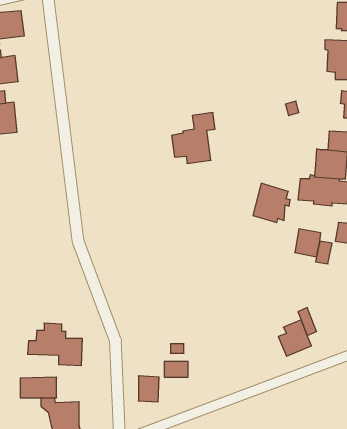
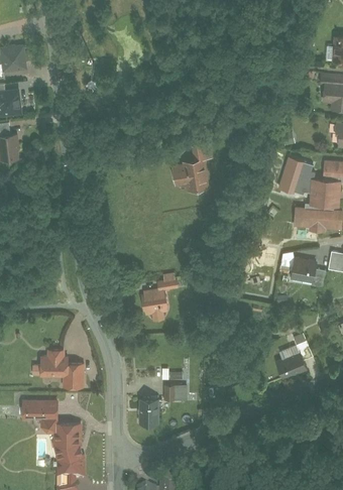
building: [253,183,290,223] -> [280,156,317,195]
building: none -> [139,271,178,322]

